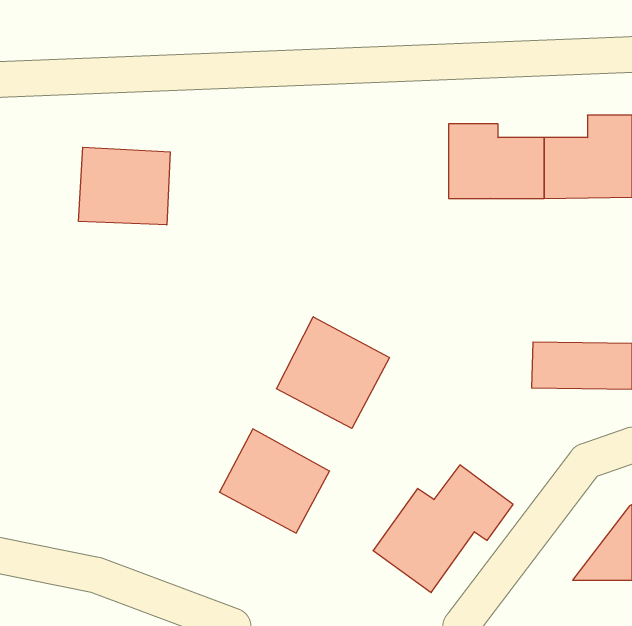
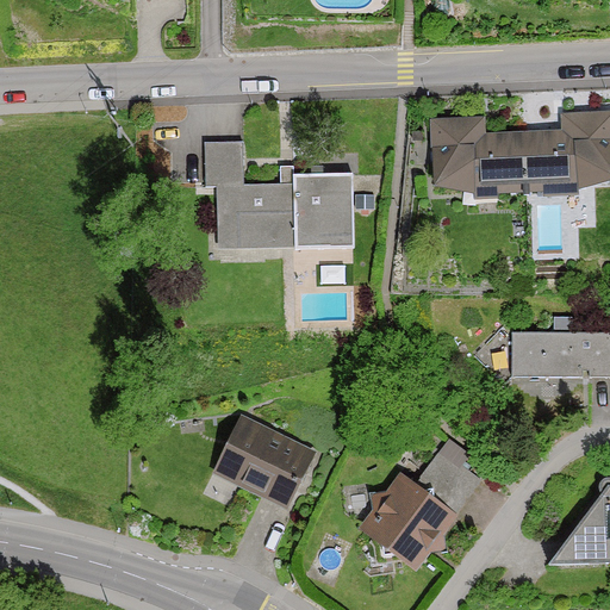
building: none -> [201,139,356,253]
building: [79,147,170,225] -> none
building: [276,317,389,428] -> none

